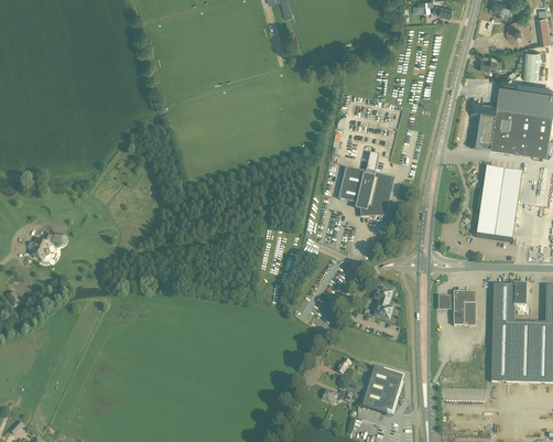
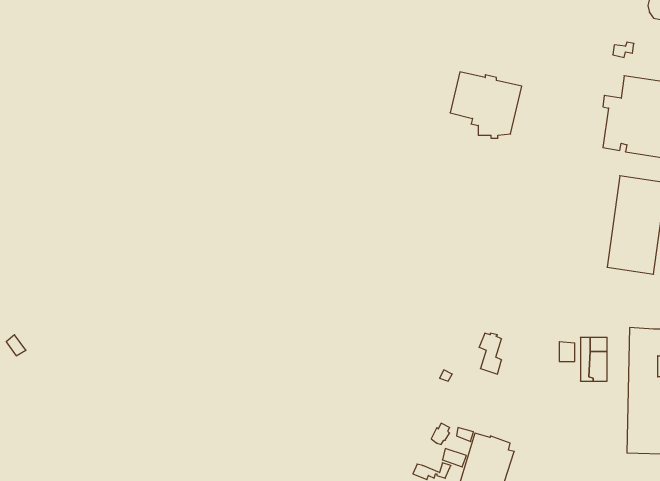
building: [339,166,395,218] -> [450,72,522,138]
building: [31,231,65,259] -> none

